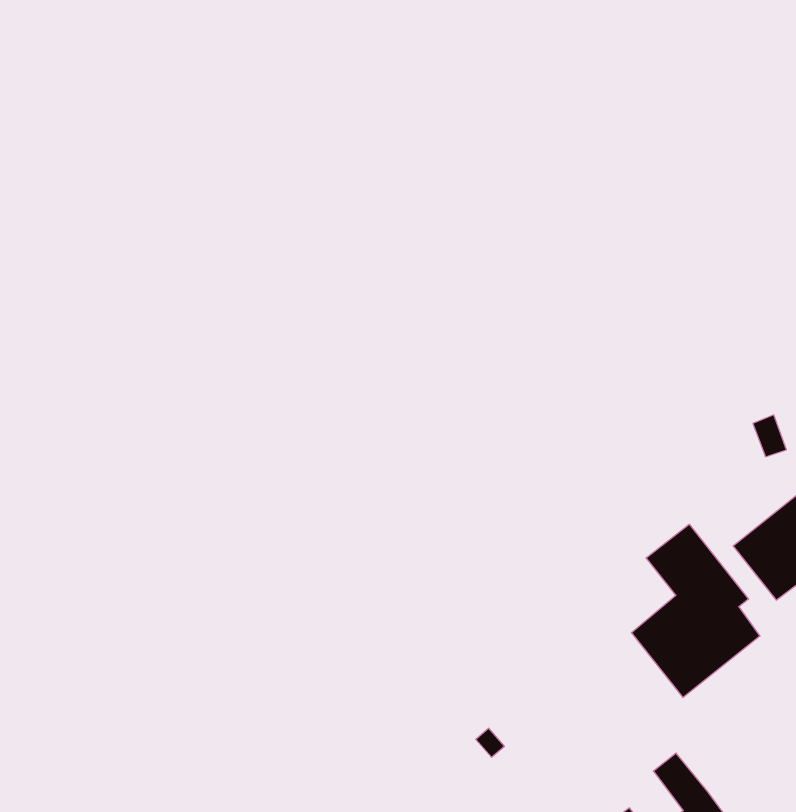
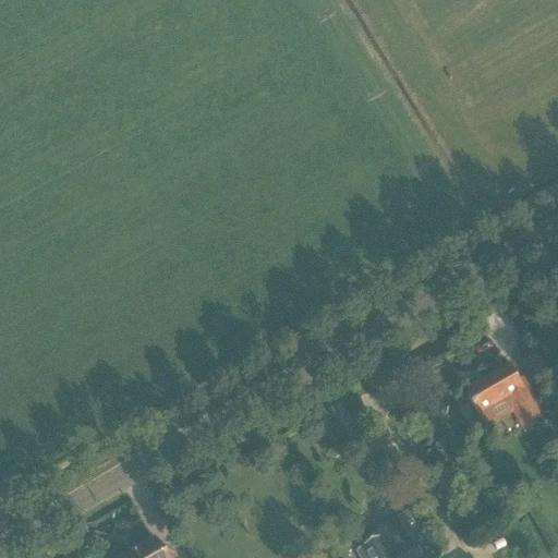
building: [631,524,760,698] -> none

